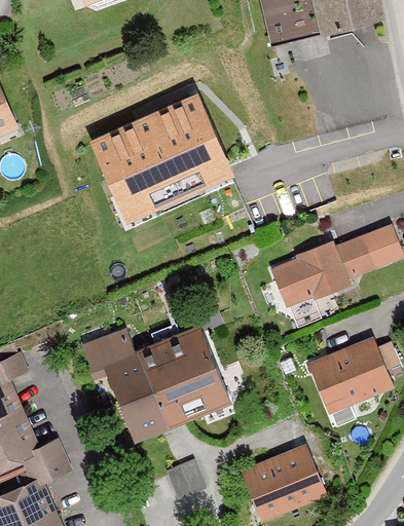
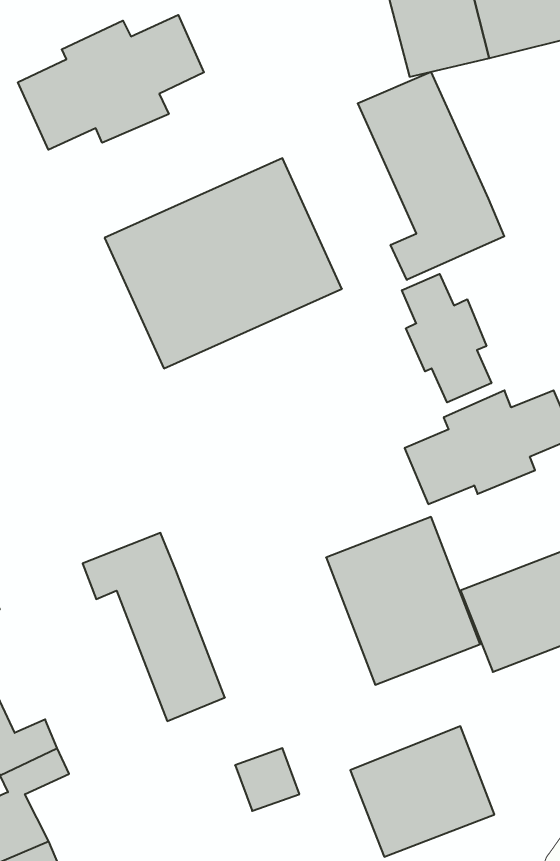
building: none -> [18,15,204,150]
building: none -> [358,72,504,280]
building: none -> [402,274,491,402]
building: [134,324,227,425] -> [326,517,480,685]

